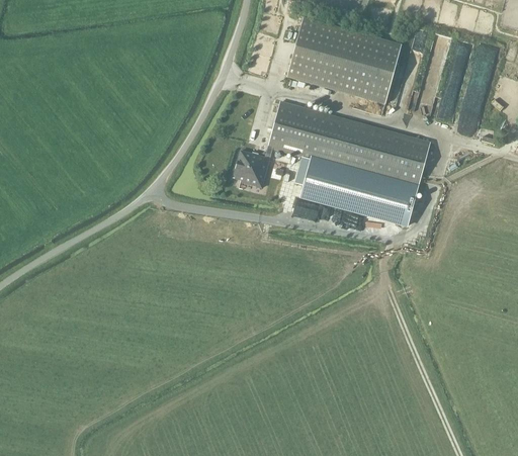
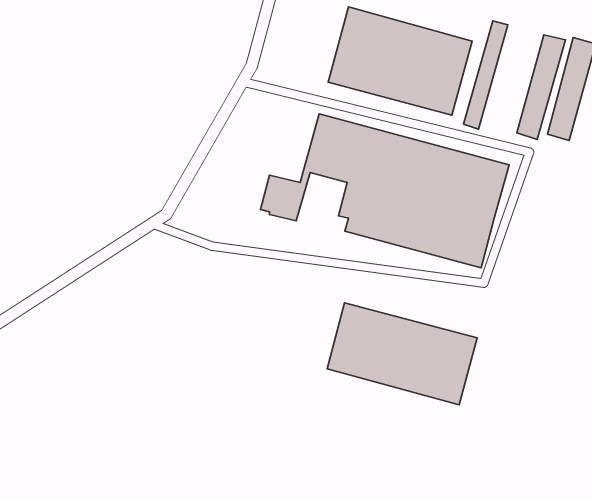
building: [414,32,450,115] -> none
building: none -> [327,303,477,405]

